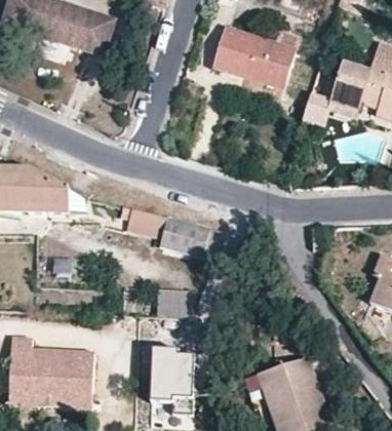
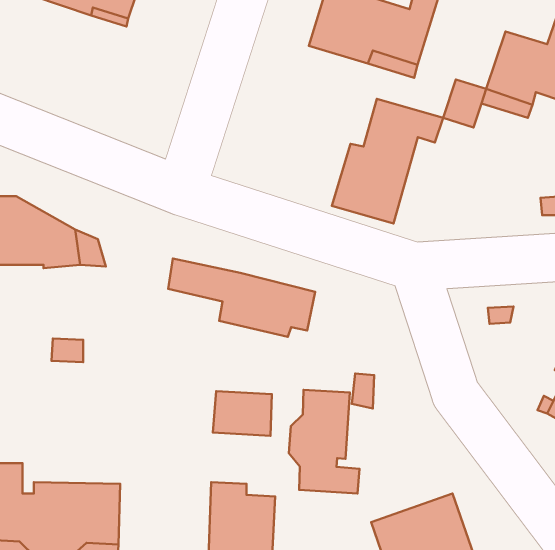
building: none -> [332,99,443,224]
building: none -> [289,390,359,493]

